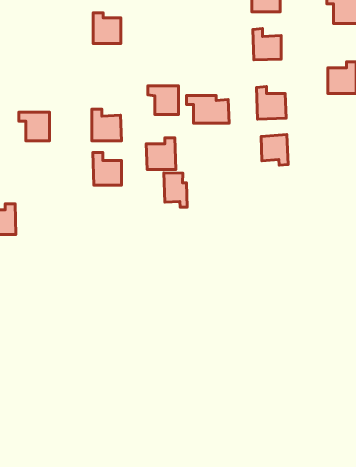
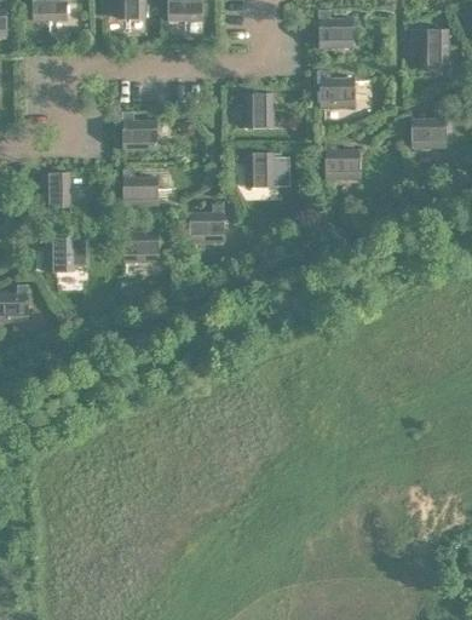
building: [93,13,121,43] -> [122,110,156,148]
building: [148,86,179,114] -> [236,91,274,126]
building: [261,135,288,165] -> none
building: none -> [38,235,86,270]
building: [164,173,187,207] -> none

